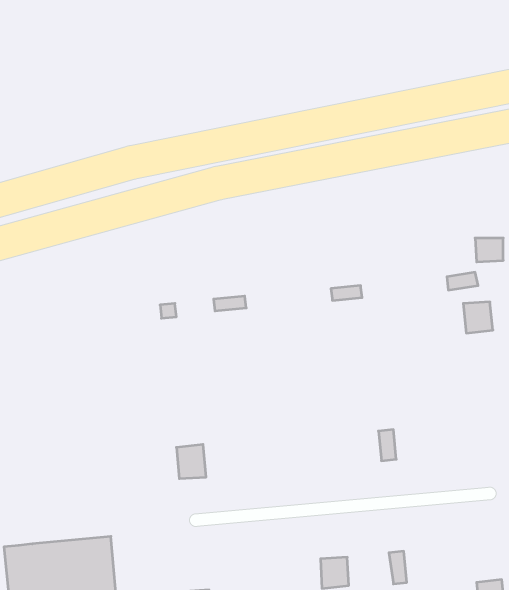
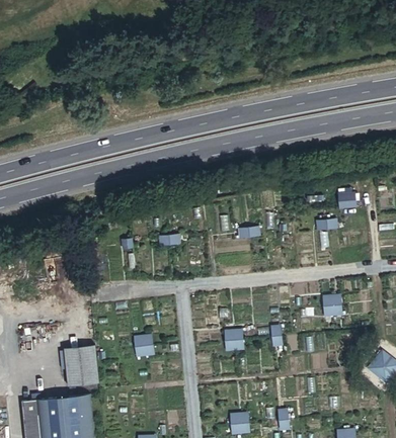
building: [463,302,493,333] -> [323,293,343,315]
building: none -> [225,327,245,350]
building: none -> [59,347,93,388]

